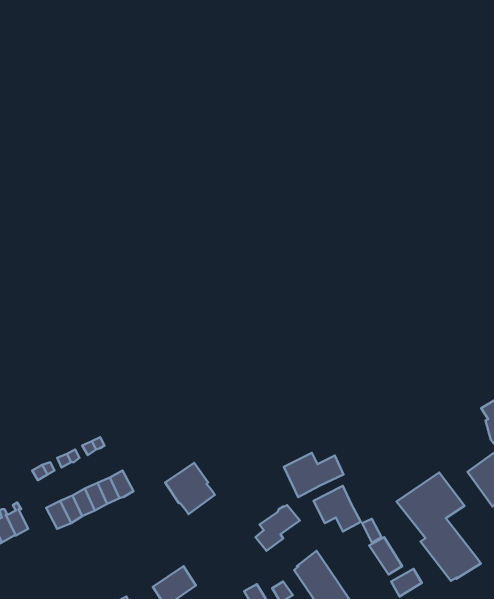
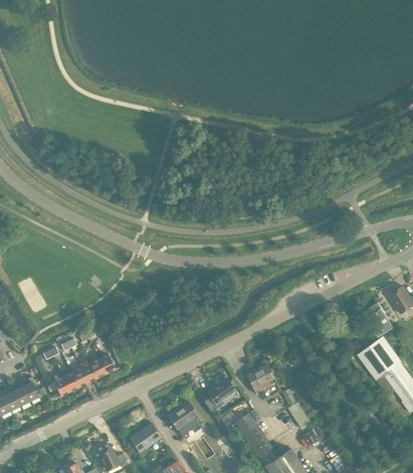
building: [284,453,343,497] -> none
building: [165,463,215,514] -> [167,401,203,438]
building: [396,473,481,581] -> none

